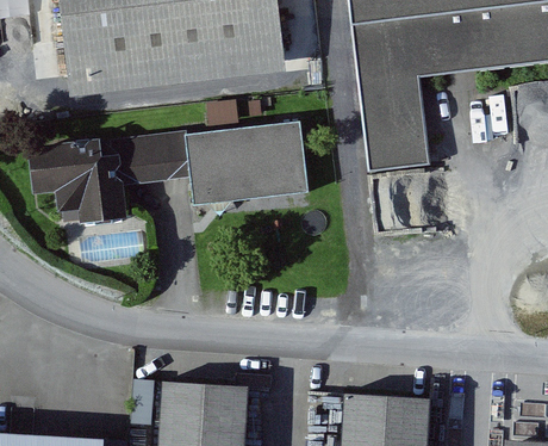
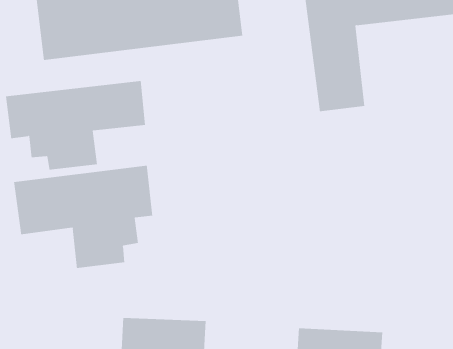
building: [185,123,309,210] -> none
building: none -> [13,165,153,269]

